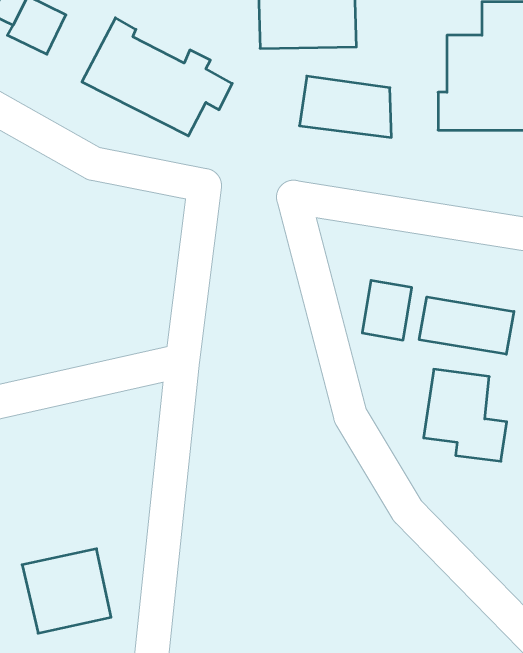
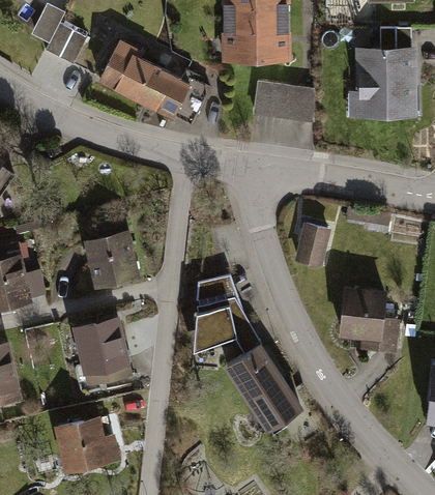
building: none -> [84,230,141,290]
building: [419,297,514,354] -> none
building: none -> [193,274,302,434]
building: none -> [74,316,134,386]

